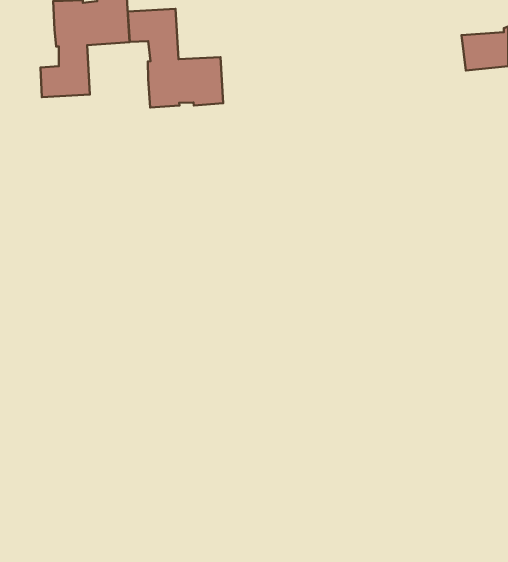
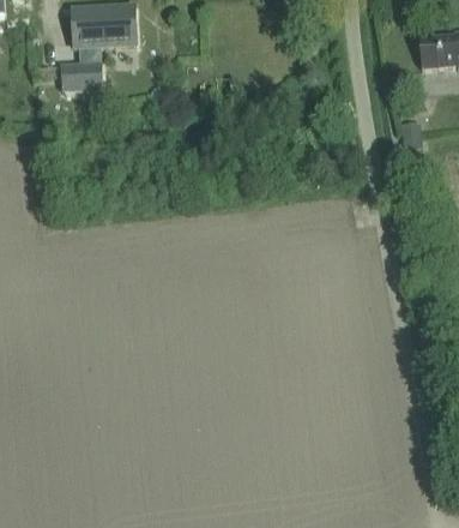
building: [128,9,223,108] -> none

